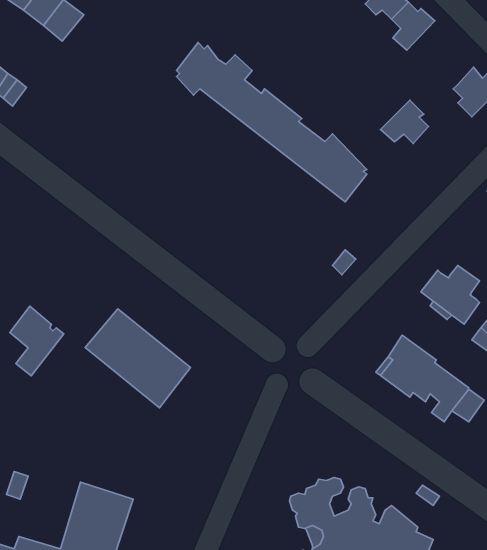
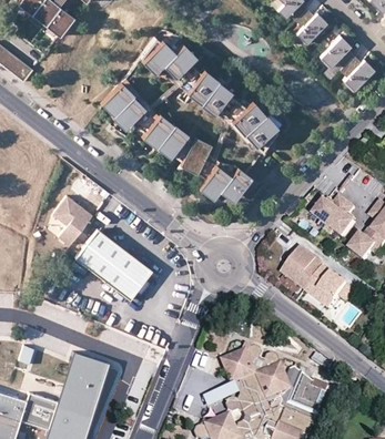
building: [381,100,428,143] -> [320,35,354,67]
building: none -> [101,79,251,201]
building: [10,306,64,376] -> [54,193,93,243]

